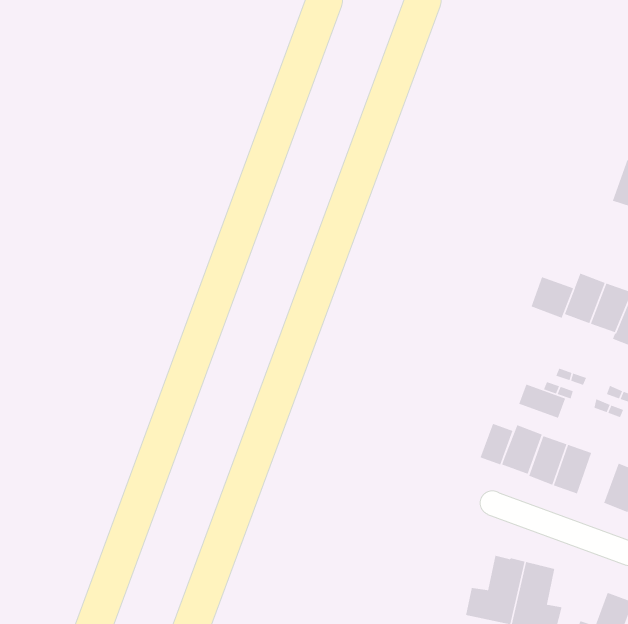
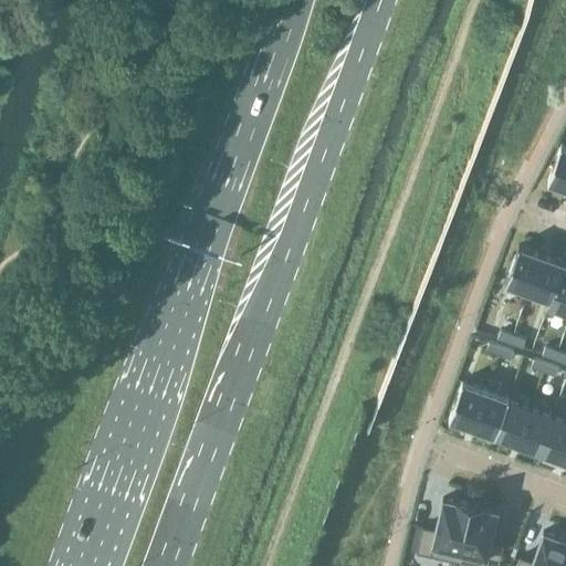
building: [530,276,574,319] -> none
building: [518,383,566,419] -> none
building: [480,423,513,466] -> none
building: none -> [520,411,556,457]

